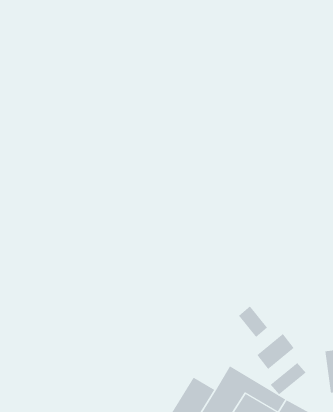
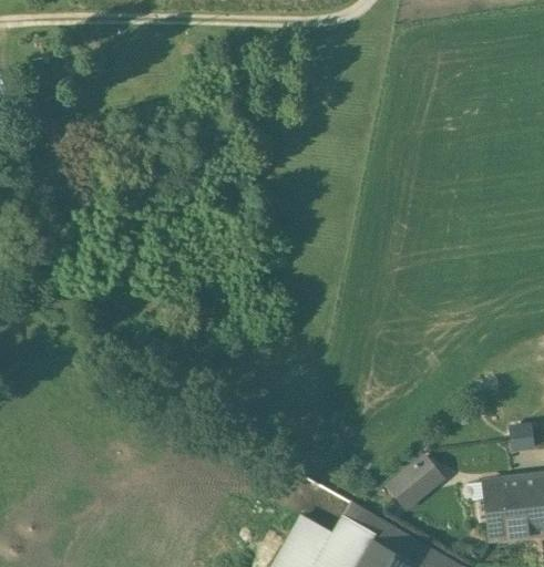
building: [238,306,268,338] -> none
building: [270,362,307,395] -> none

